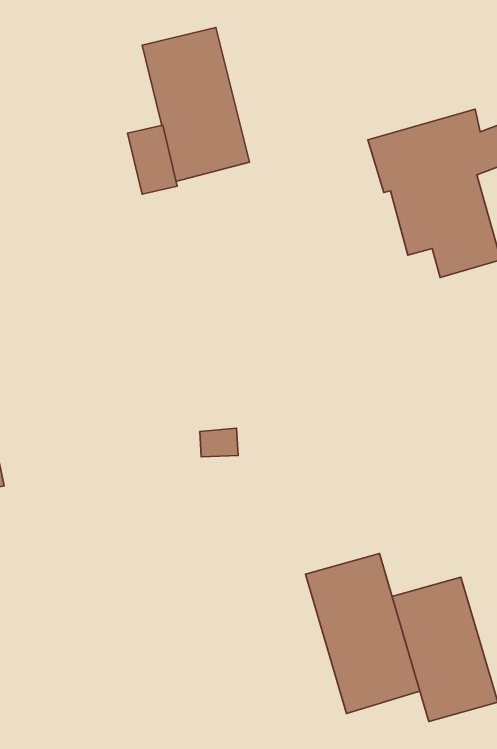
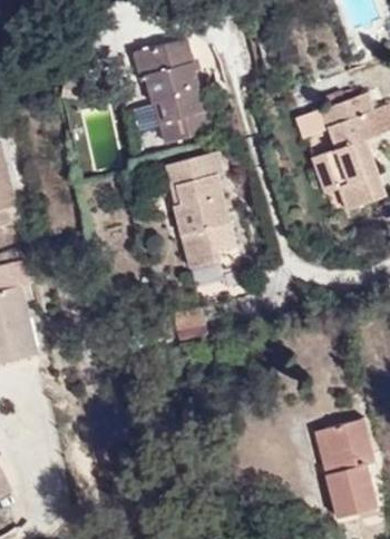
building: none -> [163,151,245,305]
building: [305,554,420,714] -> none

